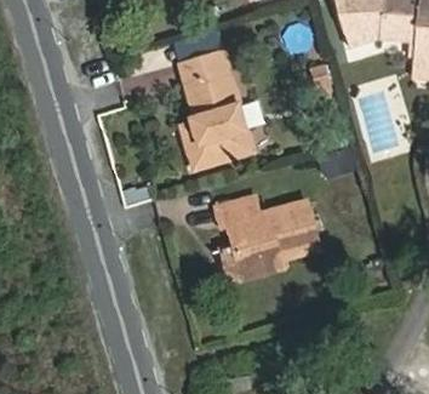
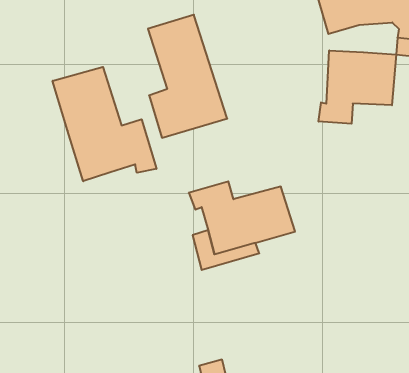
building: none -> [319,50,396,124]
building: none -> [53,67,156,181]

